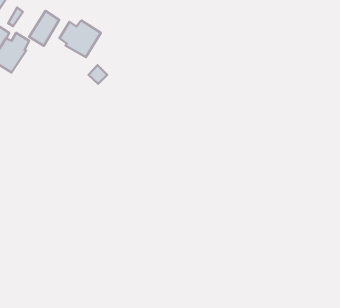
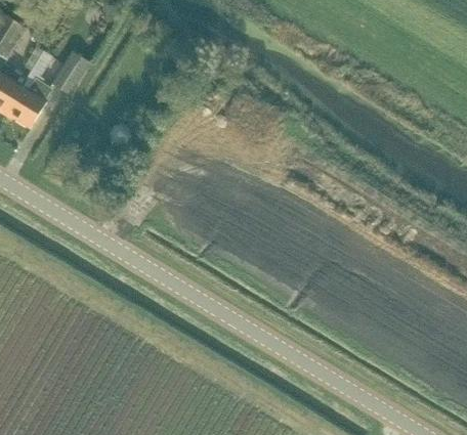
building: [59,21,101,57] -> none

